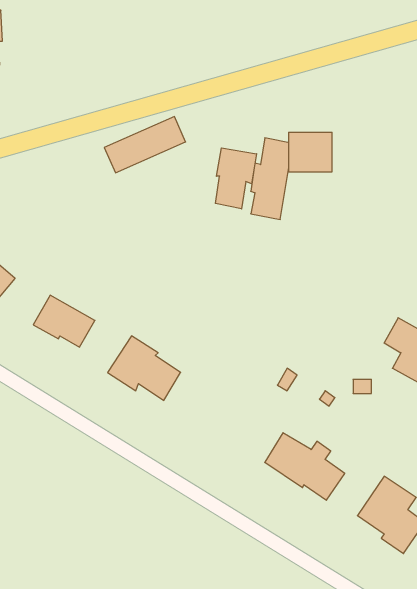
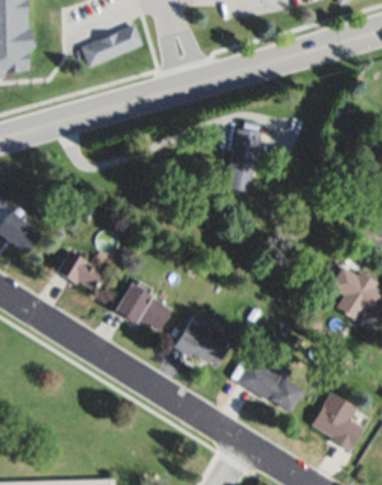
building: [104,117,186,173] -> [82,24,146,68]
building: [215,148,257,209] -> none
building: none -> [176,314,235,366]

